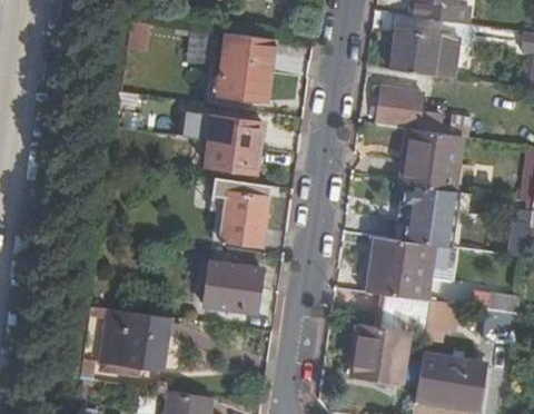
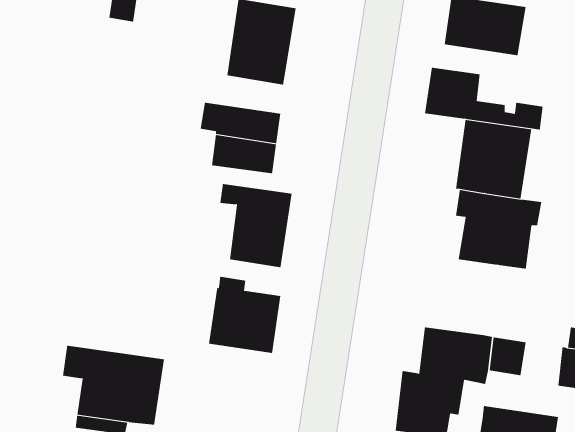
building: [367,236,434,299] -> none

